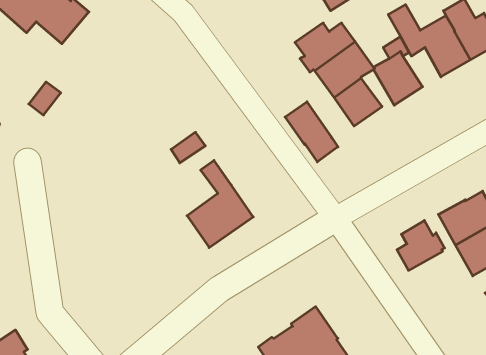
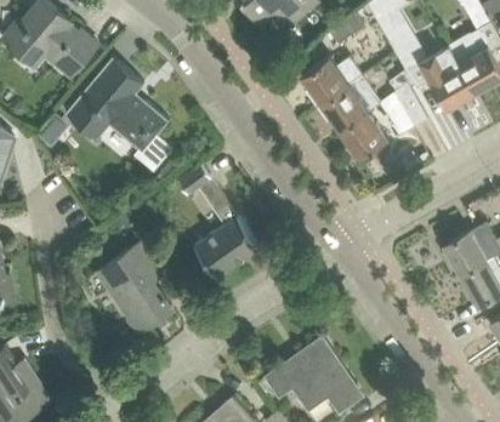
building: none -> [66,58,174,172]
building: [285,102,338,162] -> none
building: none -> [98,241,171,332]
building: [397,220,445,270] -> none

